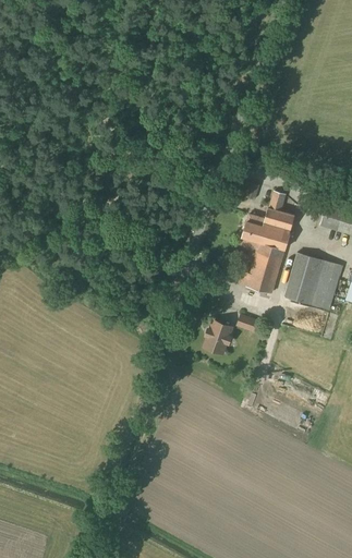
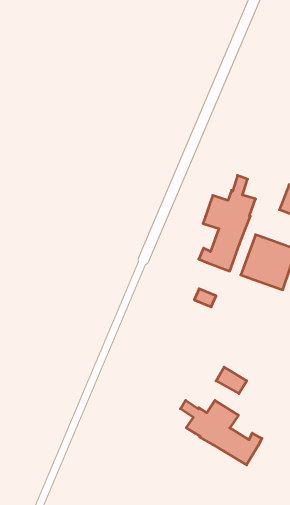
building: [205,323,230,351] -> none
building: none -> [180,400,262,465]

